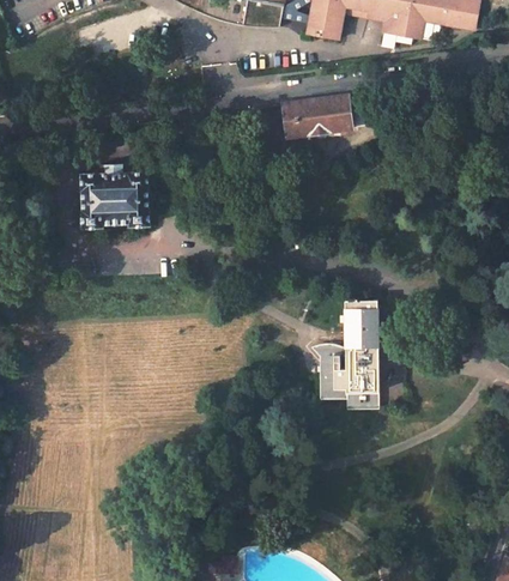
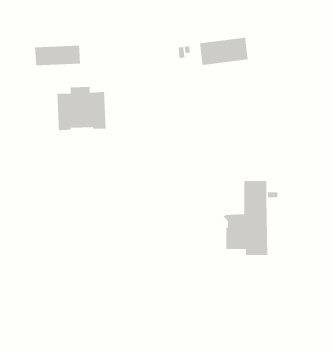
building: none -> [34,45,81,66]

